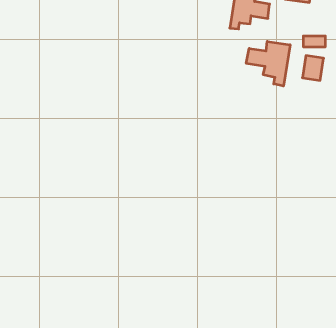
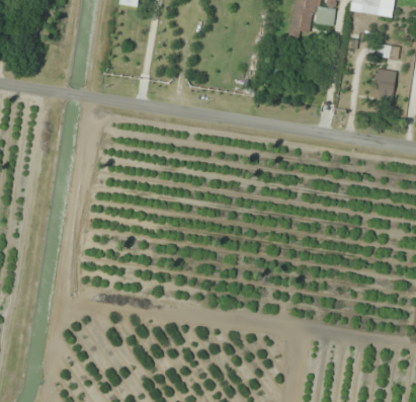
building: [246,41,290,86] -> none

